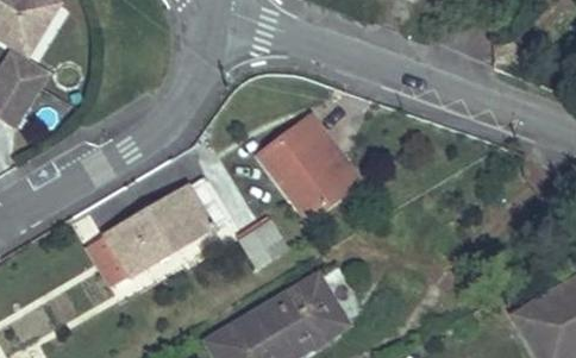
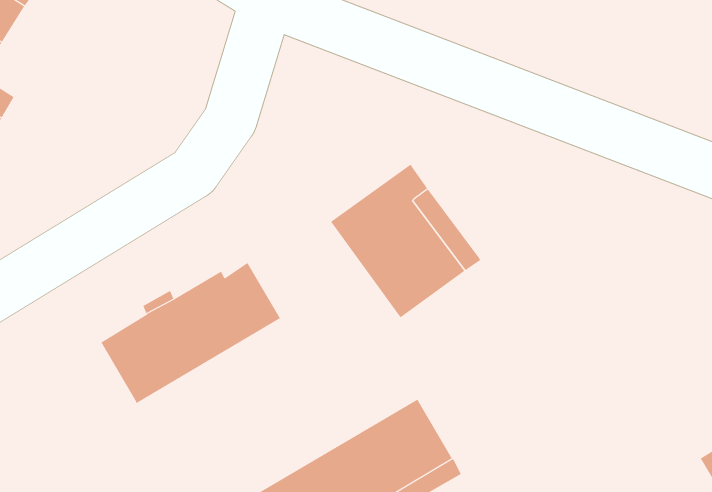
building: [237,222,283,268] -> none
building: [83,235,129,290] -> none

